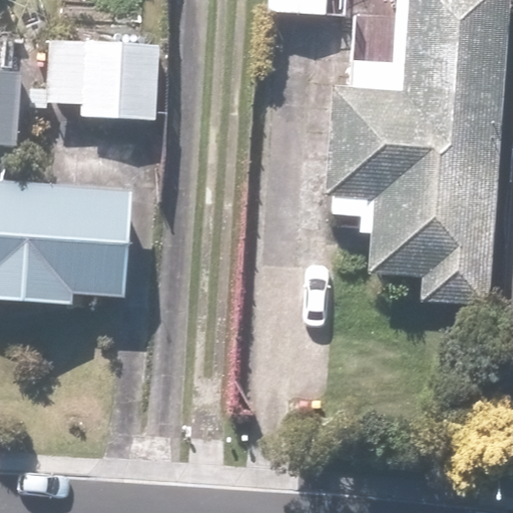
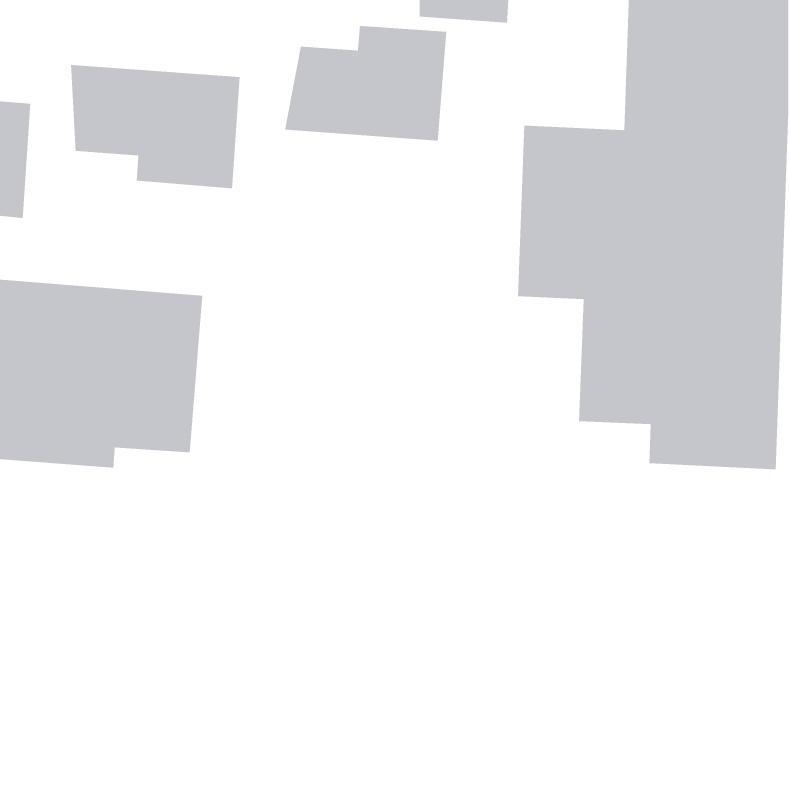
building: none -> [284,25,447,141]

